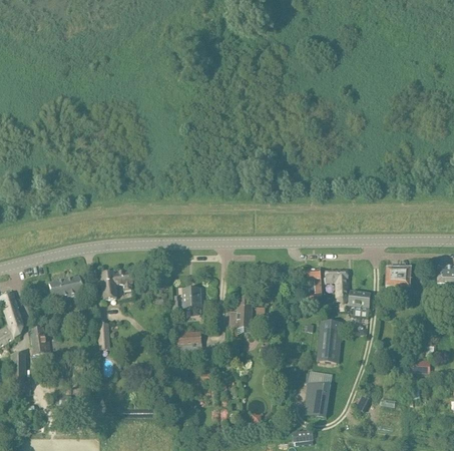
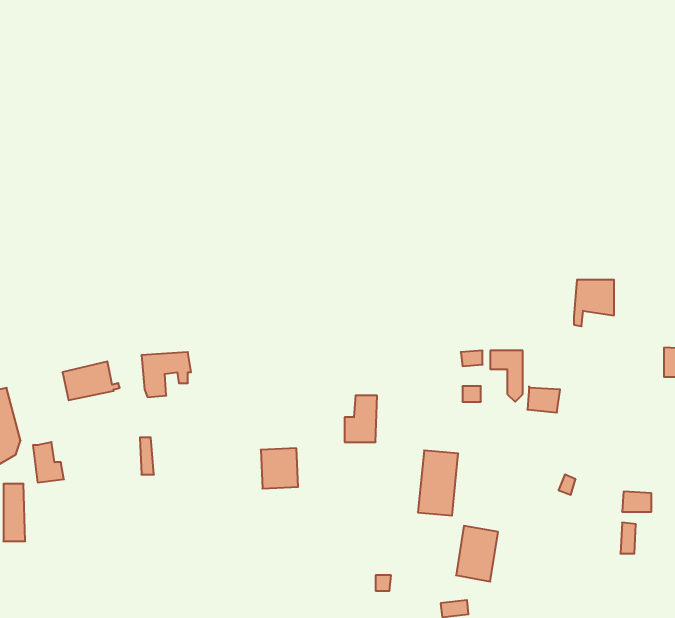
building: [384,266,410,296] -> [574,280,614,326]
building: [181,287,200,308] -> none
building: [316,320,342,362] -> [418,450,458,516]

